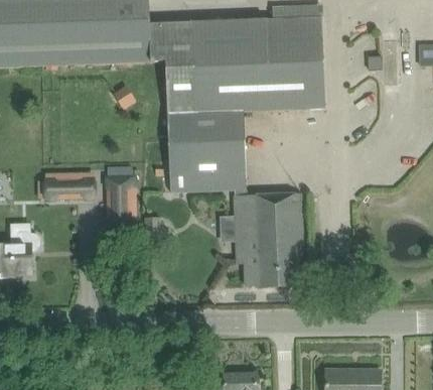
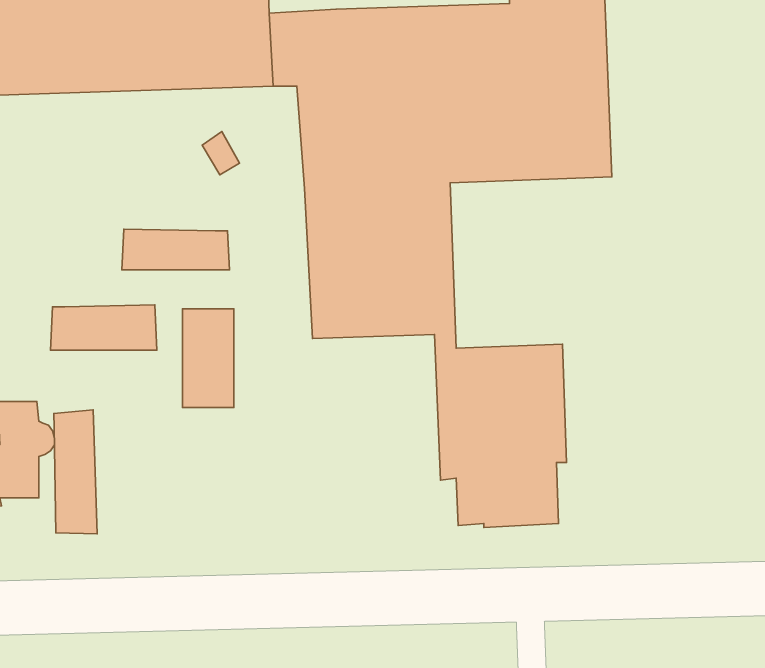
building: none -> [122,229,230,270]
building: none -> [54,410,97,534]

